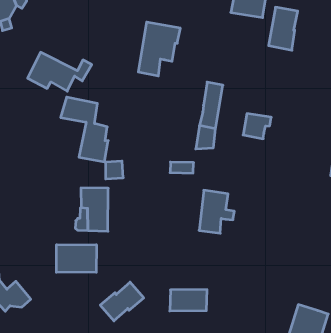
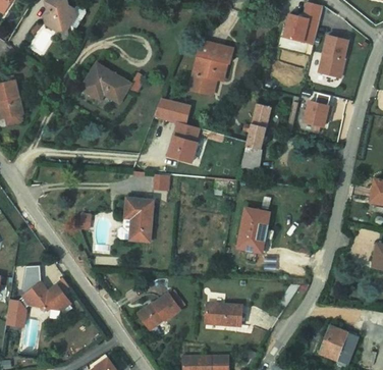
building: [61,97,108,162] -> [154,97,199,162]
building: [243,114,271,139] -> [303,106,331,131]
building: [56,245,96,272] -> none

